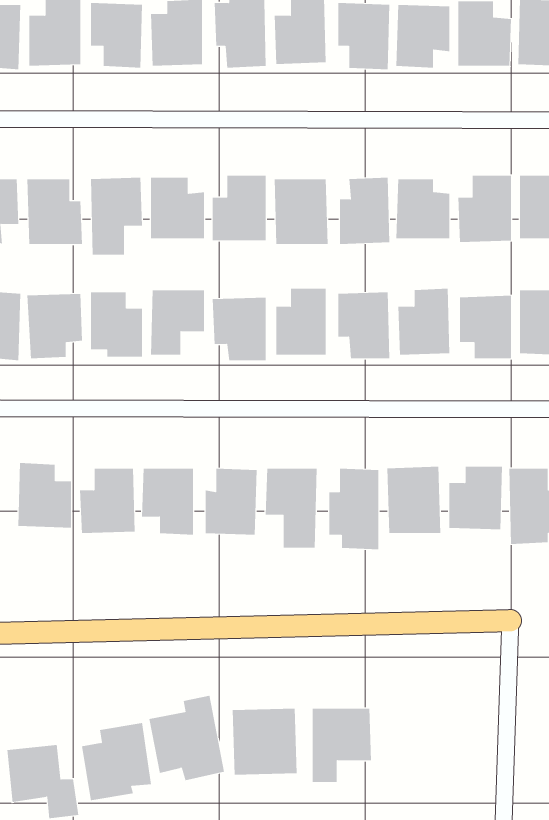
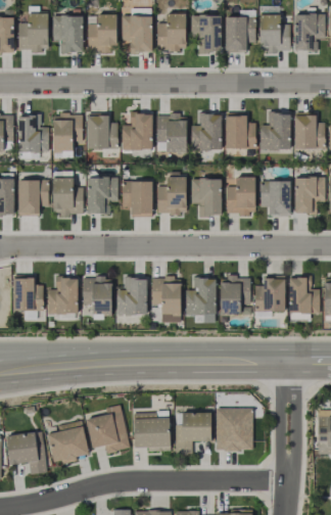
building: none -> [216,408,252,451]

